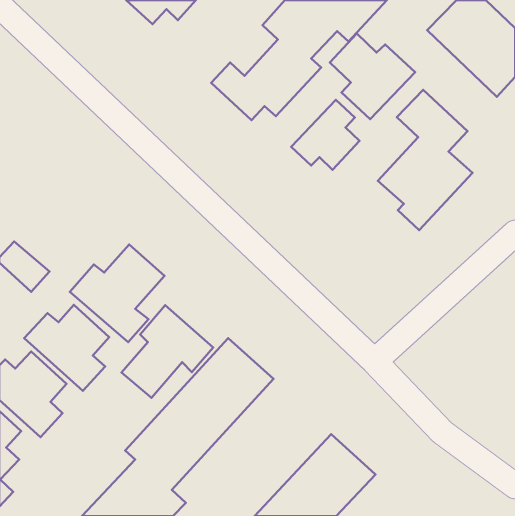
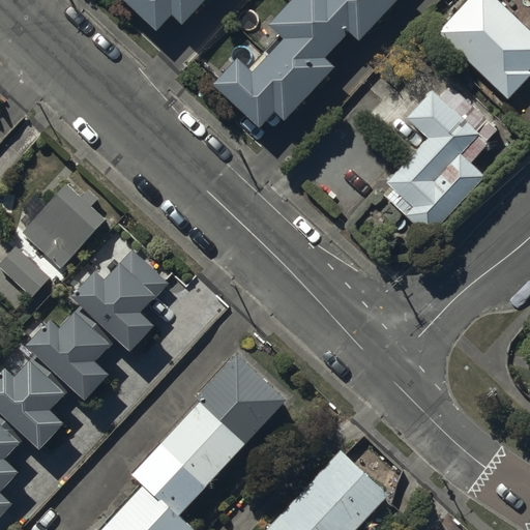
building: [330,34,415,119] -> none
building: [291,100,359,170] -> none
building: none -> [22,184,106,269]
building: [122,305,213,398] -> none

